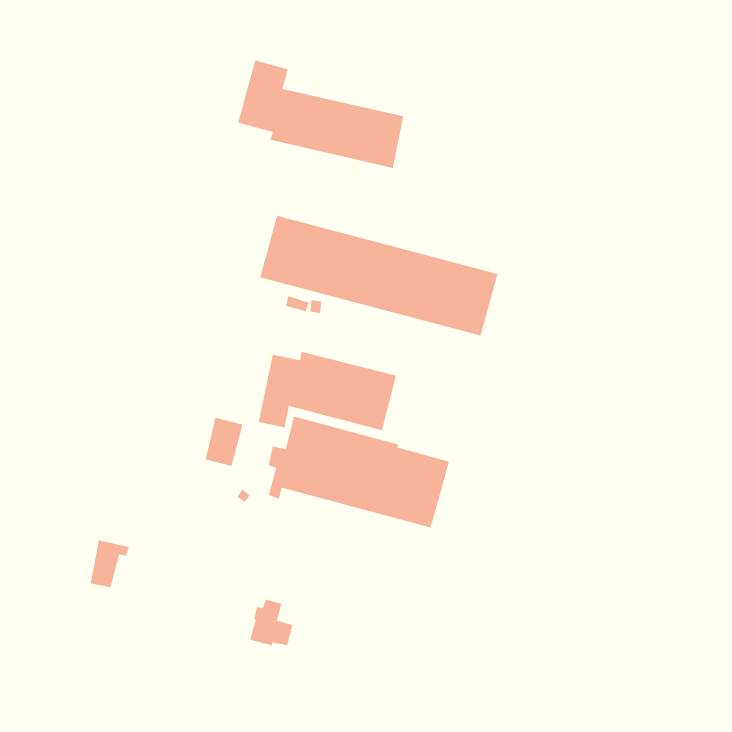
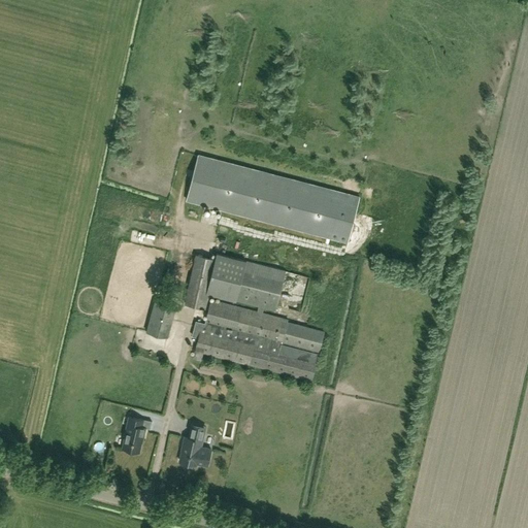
building: [237,60,404,169] -> none
building: [90,539,130,588] -> [123,417,152,452]

